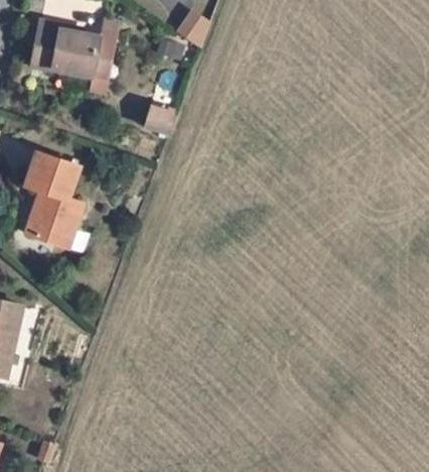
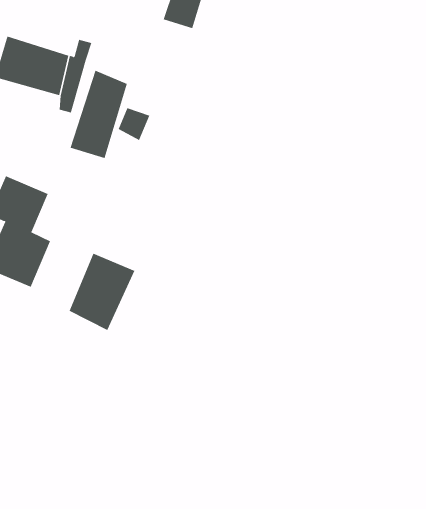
building: none -> [70,70,127,159]
building: none -> [69,253,135,331]

